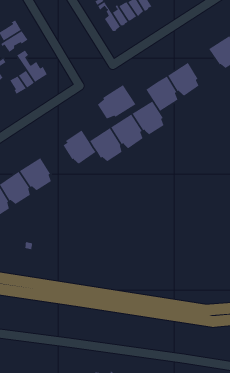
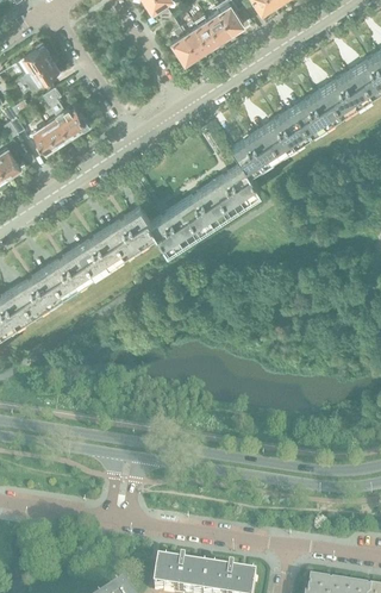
building: none -> [294,87,342,137]
building: [97,84,136,120] -> none
building: none -> [77,229,125,277]

